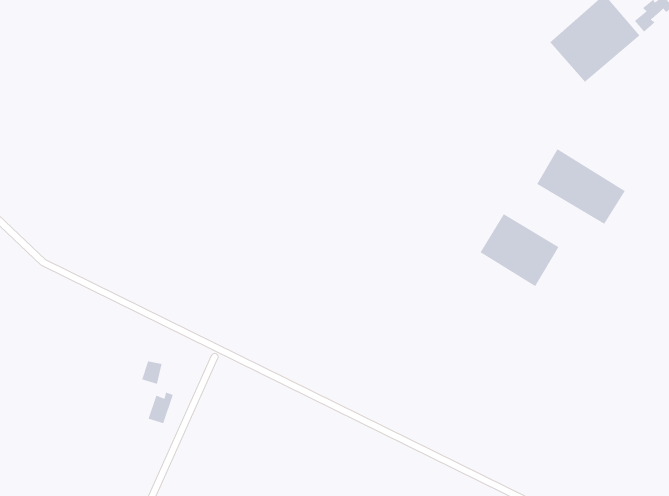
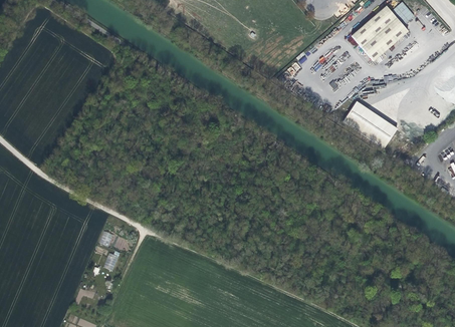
building: [479,213,560,287] -> none

